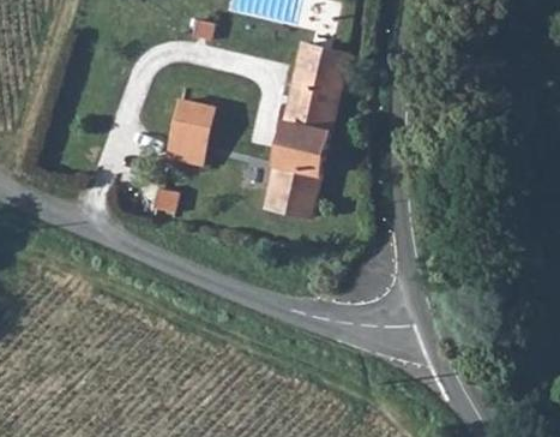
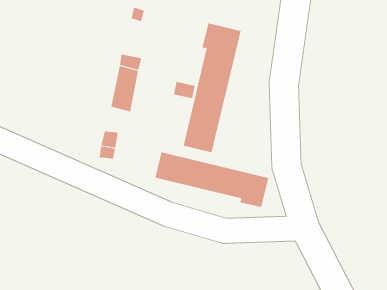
building: none -> [155,152,269,208]

